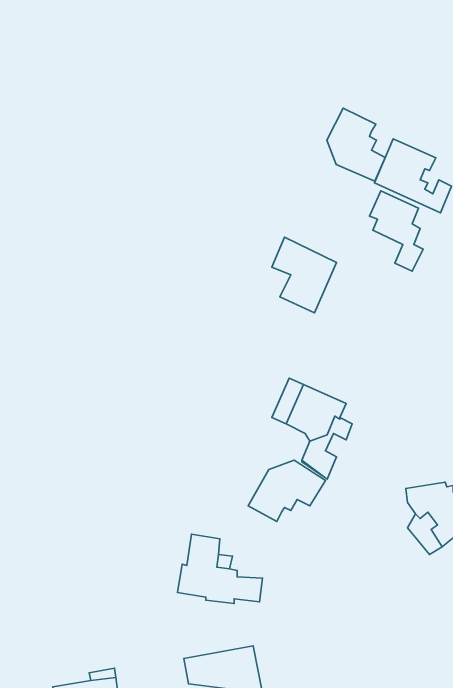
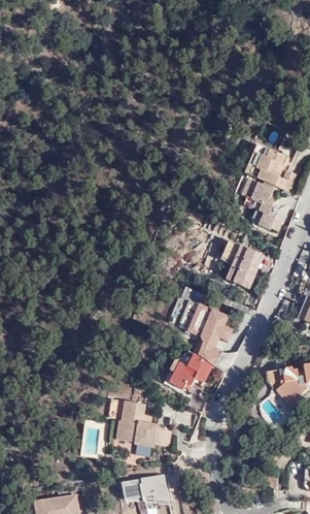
building: [327,108,385,181] -> none
building: [272,237,337,313] -> [220,239,263,289]

